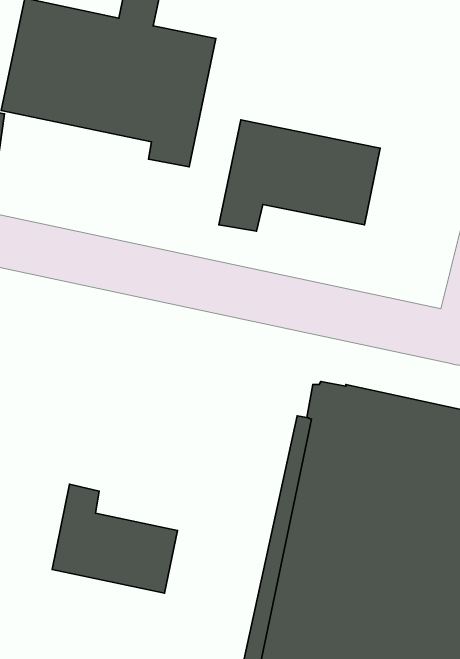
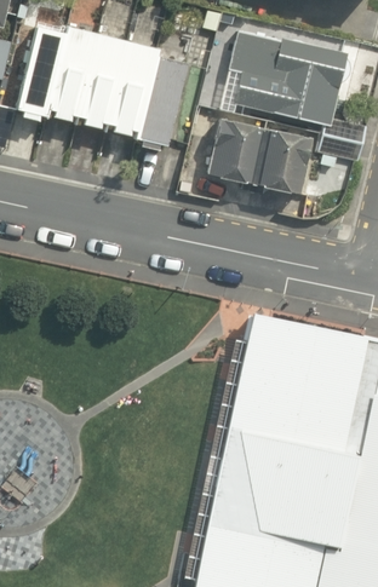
building: none -> [220,27,350,125]
building: [52,484,178,593] -> none

